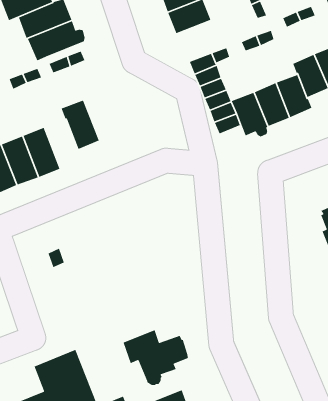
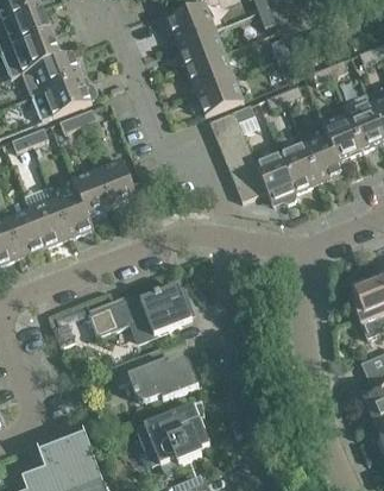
building: none -> [194,74,243,114]
building: none -> [93,150,136,206]
building: none -> [50,182,93,237]
building: none -> [87,283,191,339]
building: none -> [109,350,197,399]

